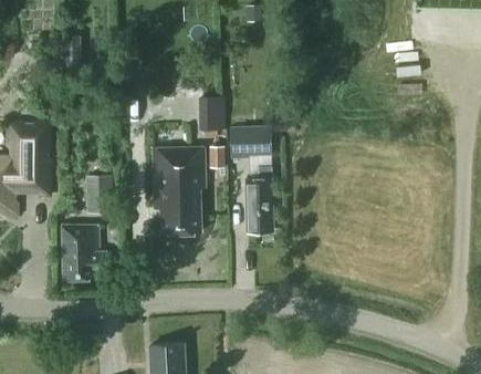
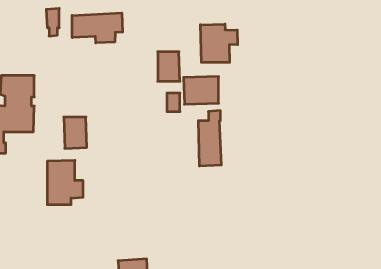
building: none -> [72,13,123,43]
building: none -> [200,24,238,62]
building: [154,148,206,235] -> none

